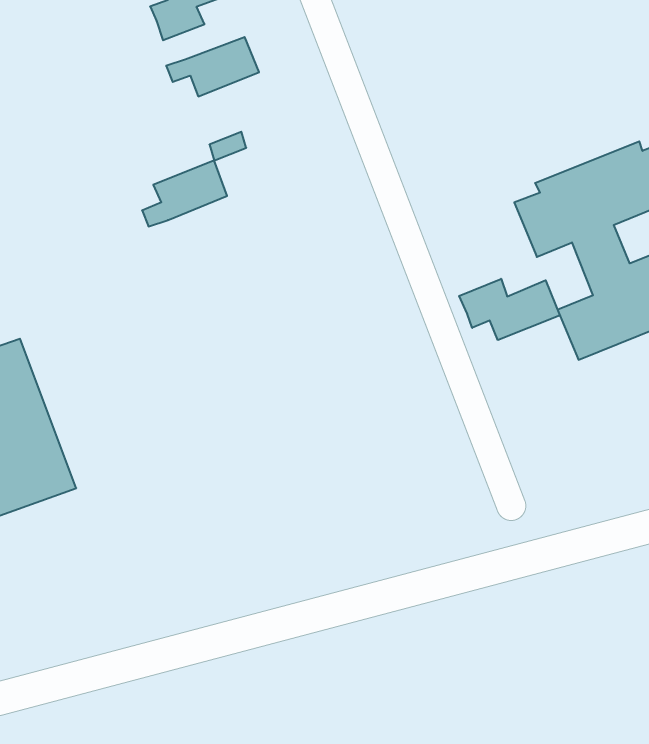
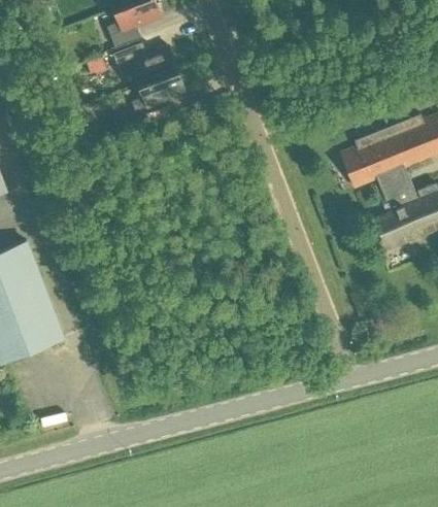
building: [142,161,227,226] -> [131,69,186,111]
building: [459,279,560,340] -> none

